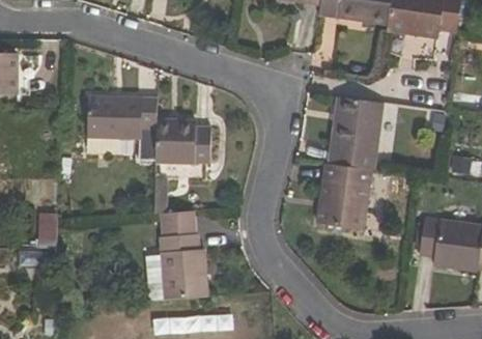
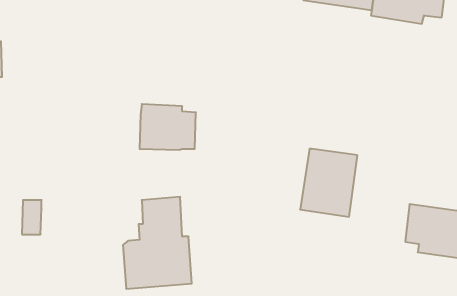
building: [87,94,158,143] -> none
building: [327,97,384,169] -> none

